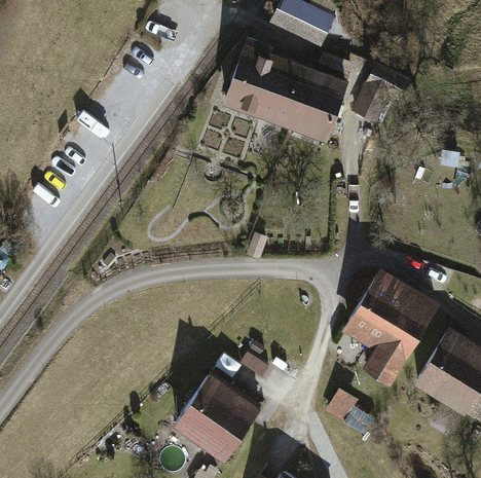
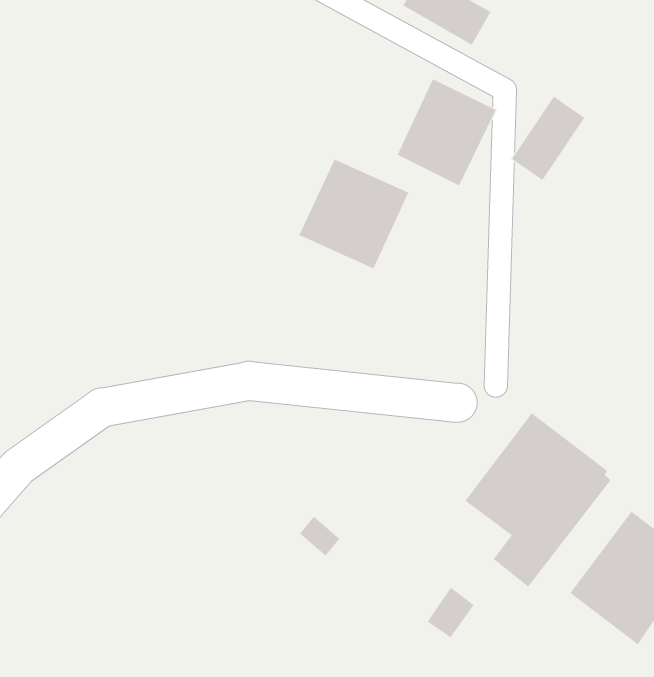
building: [229,46,298,115] -> [299,159,409,269]
building: [178,376,257,453] -> none

